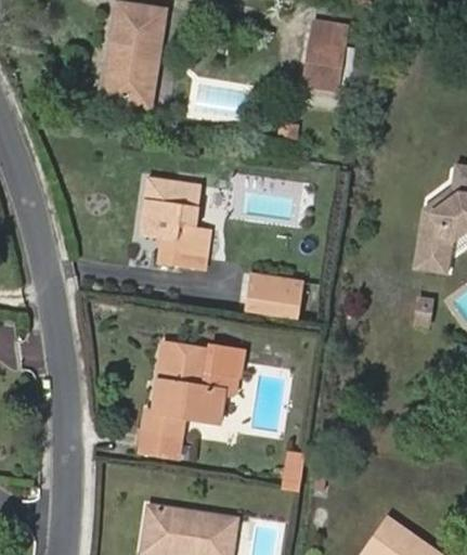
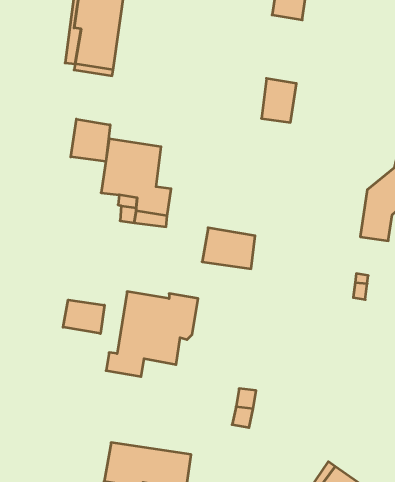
building: [317,40,355,88] -> [261,78,296,122]
building: none -> [71,119,110,161]
building: none -> [63,300,104,334]
building: [140,426,181,457] -> none

